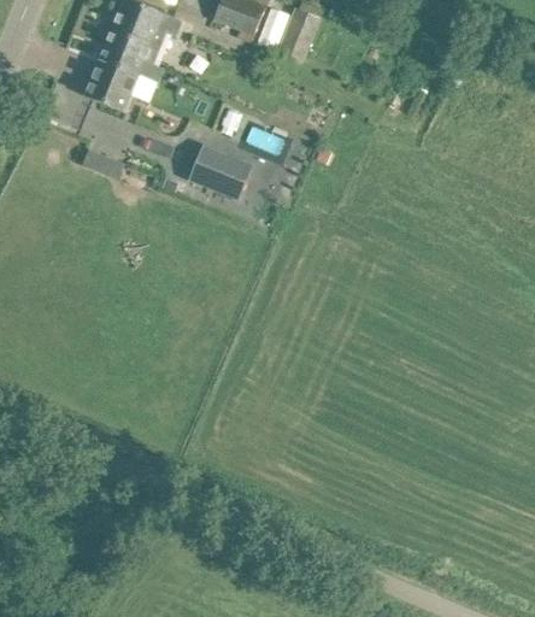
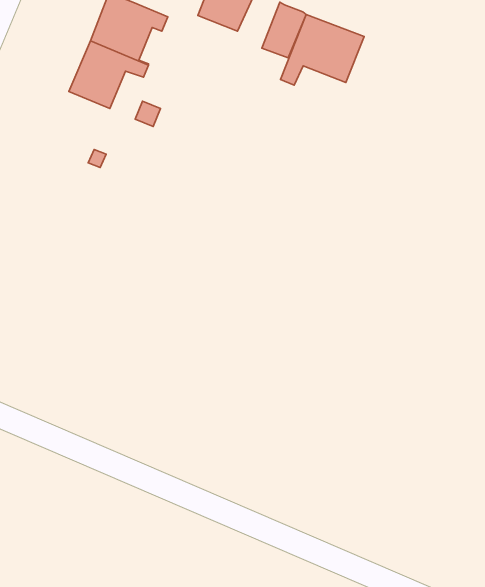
building: none -> [281,14,364,85]
building: [190,147,248,194] -> none

